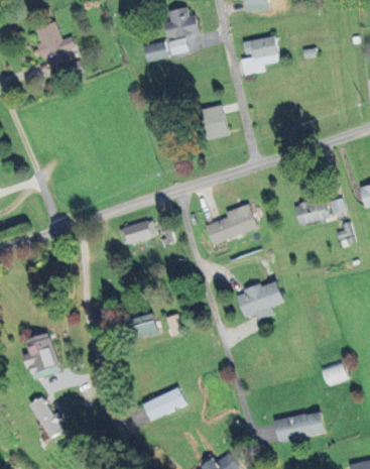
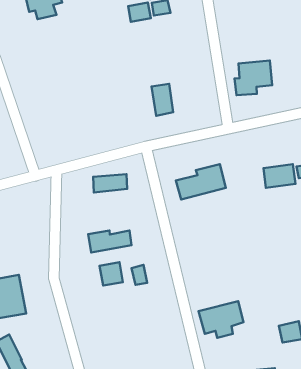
building: [240,36,279,75] -> [235,61,272,95]
building: [204,105,228,139] -> [151,84,173,116]
building: none -> [88,230,132,252]
building: [236,280,283,320] -> [198,301,244,338]
building: [142,387,186,420] -> none

